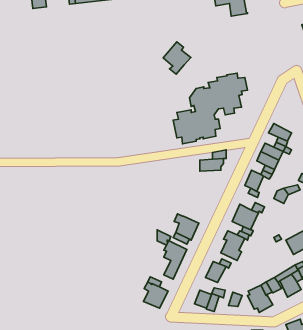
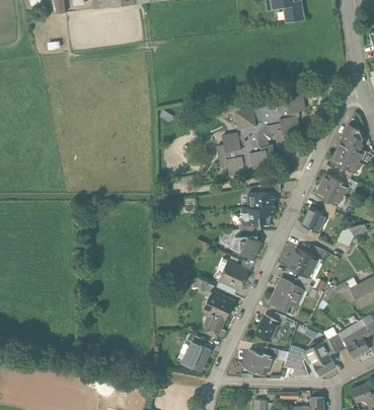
building: [163,42,191,74] -> none
building: none -> [336,124,363,161]
building: none -> [243,206,274,222]
building: none -> [231,235,259,258]

